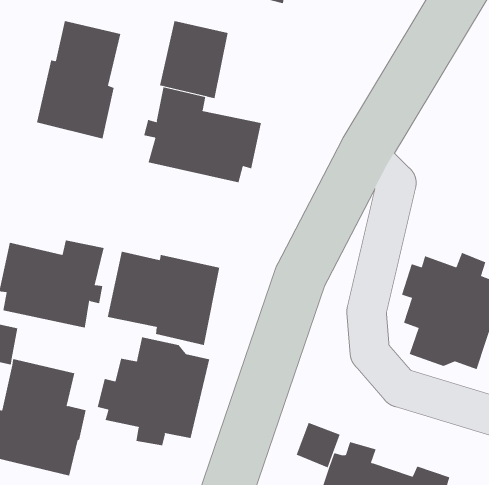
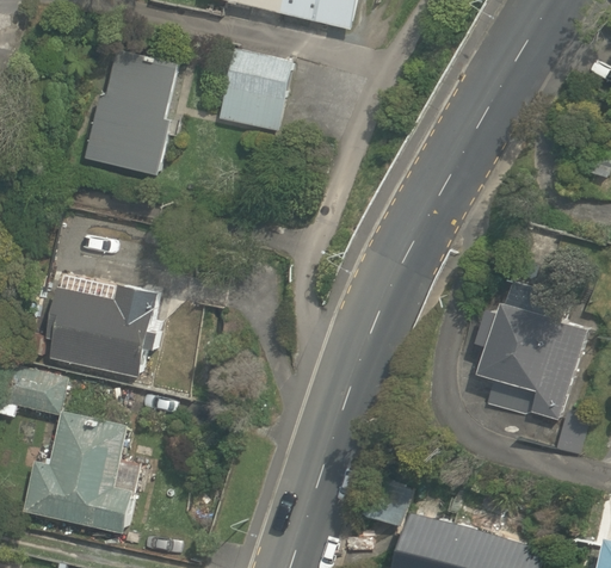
building: [144,86,261,183] -> none
building: [107,251,220,346] -> none
building: [97,336,210,446] -> none

